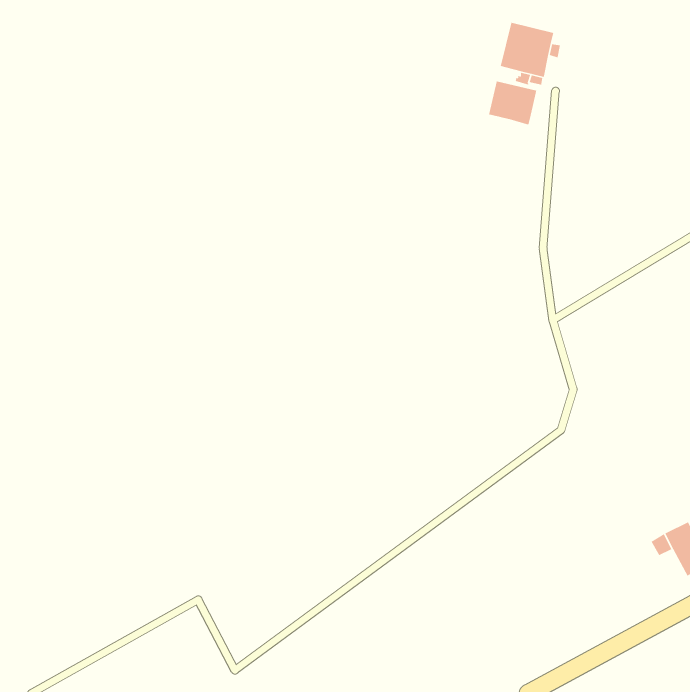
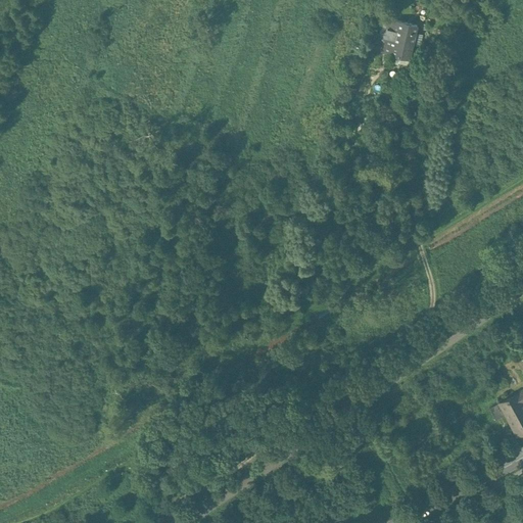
building: [488,80,537,126] -> none

